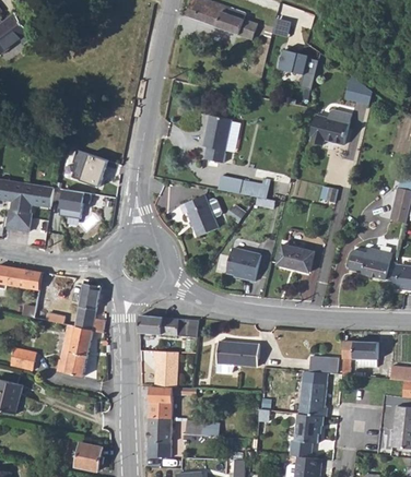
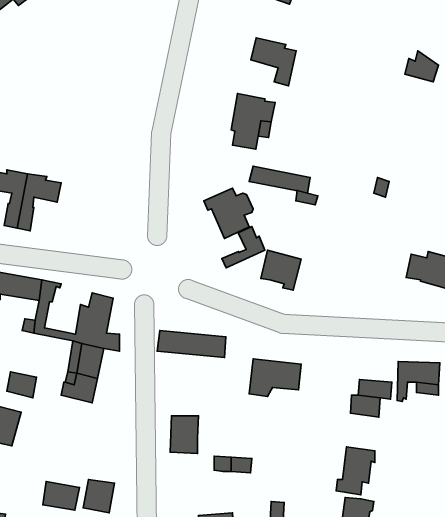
building: [280,48,318,88] -> [251,38,296,86]
building: [308,109,349,145] -> none
building: [69,150,106,187] -> none
building: [58,188,92,217] -> none
building: none -> [222,227,265,268]
building: [275,246,313,274] -> none
building: [153,350,179,387] -> none
building: [297,385,325,417] -> none
building: [146,418,172,458] -> none
building: none -> [43,482,80,510]

